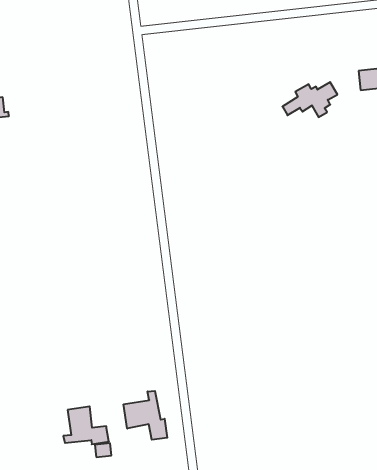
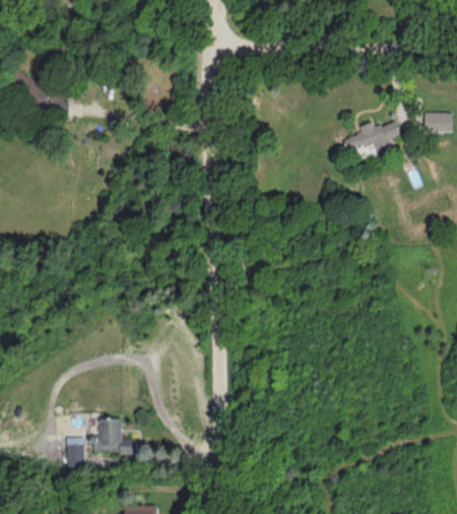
building: [124,391,167,440] -> none
building: none -> [65,444,84,466]

